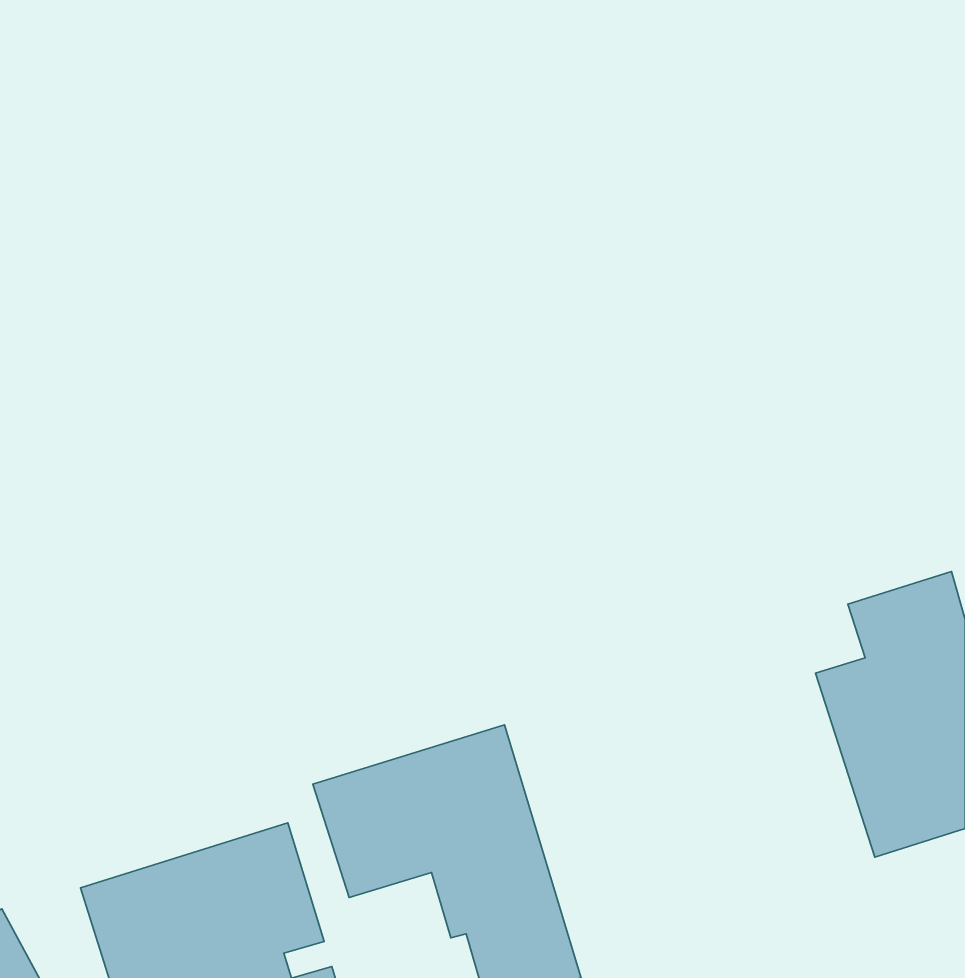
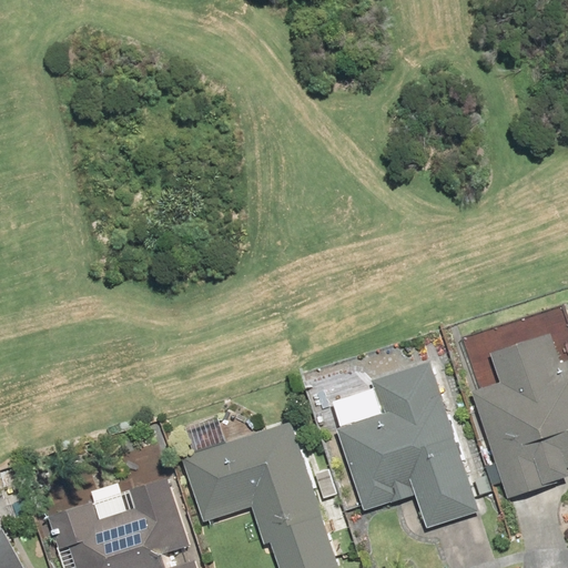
building: none -> [336,359,477,527]

